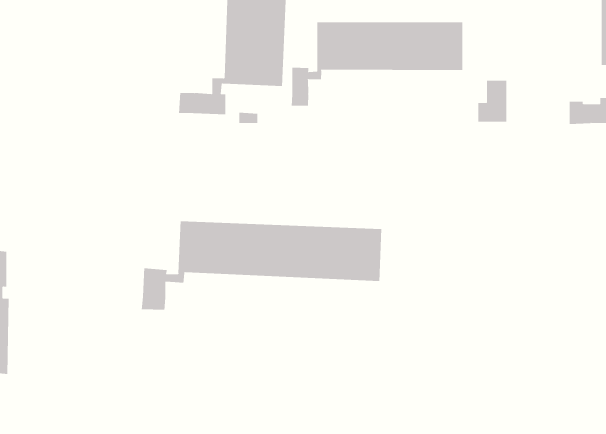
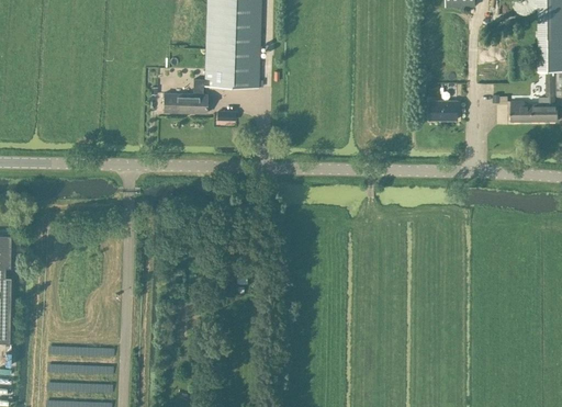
building: [291,21,463,106] -> none
building: [141,220,382,310] -> none

